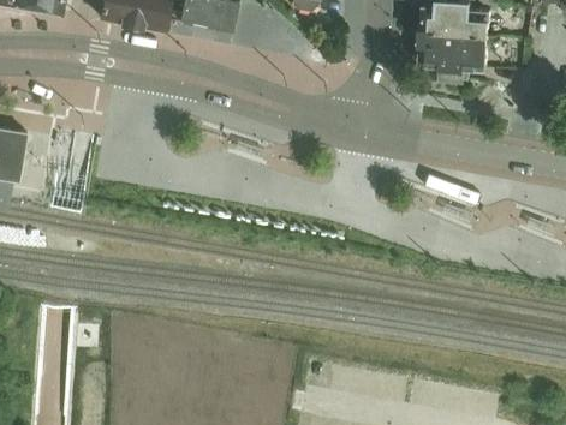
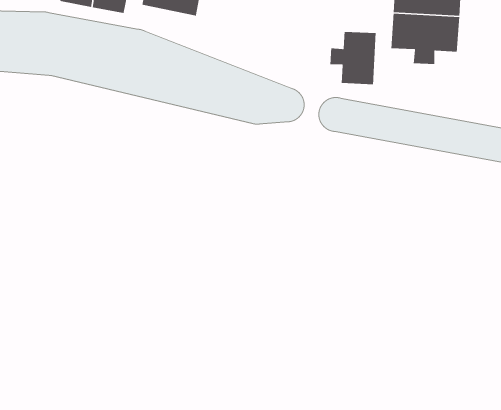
building: none -> [329,31,377,85]

